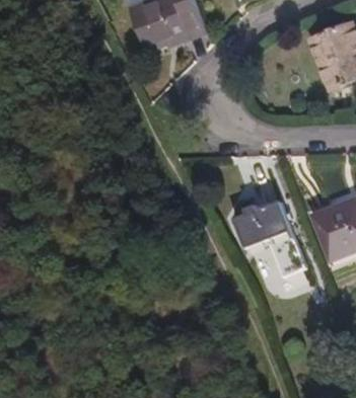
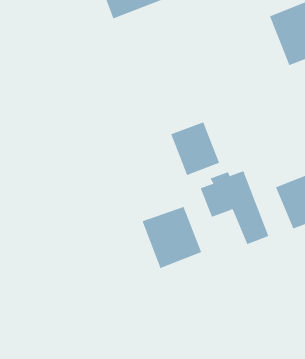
building: none -> [170,121,220,176]
building: none -> [142,206,202,269]

